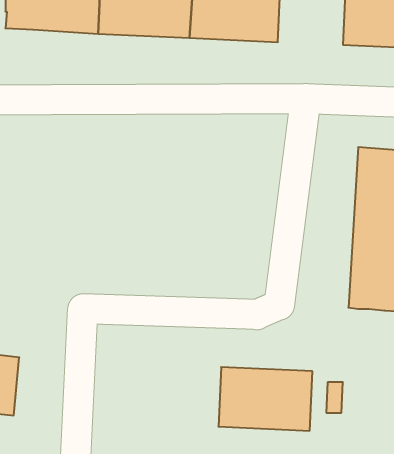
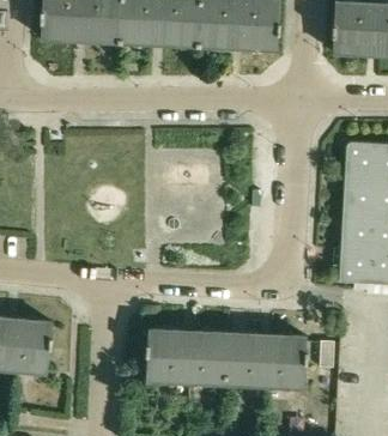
building: none -> [145,328,228,383]

